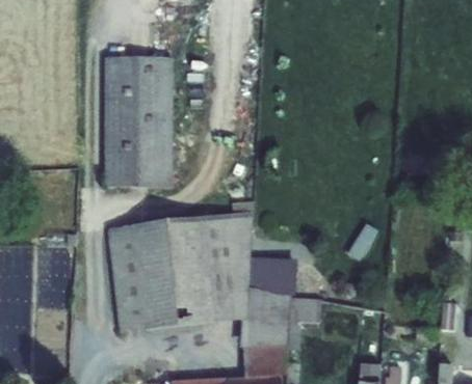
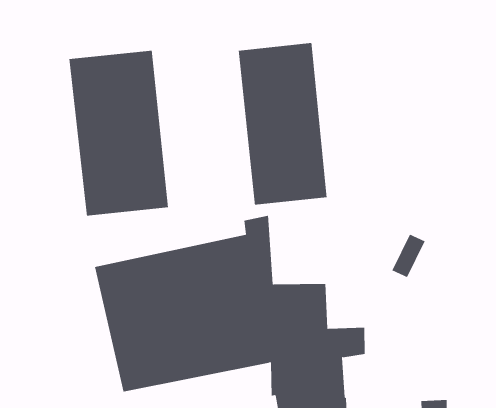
building: none -> [238,42,327,205]

